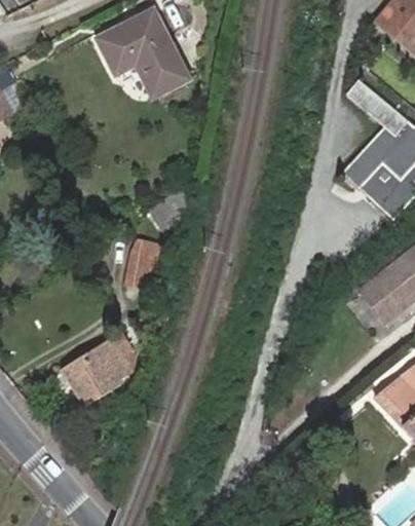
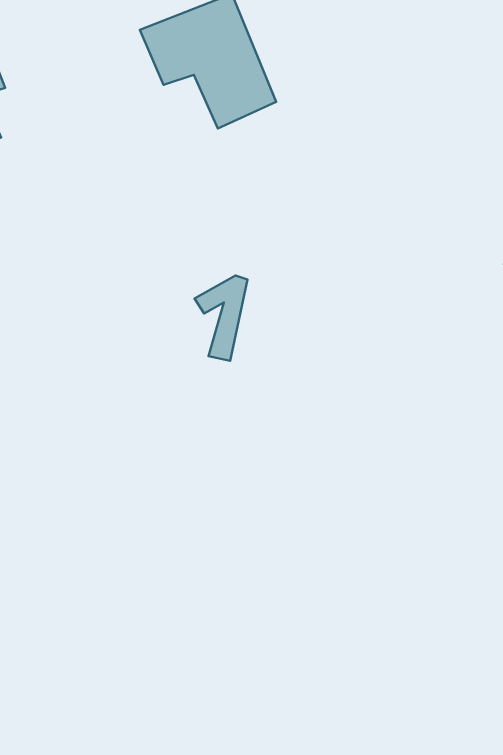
building: [125,252,156,290] -> none
building: [66,337,129,402] -> none

